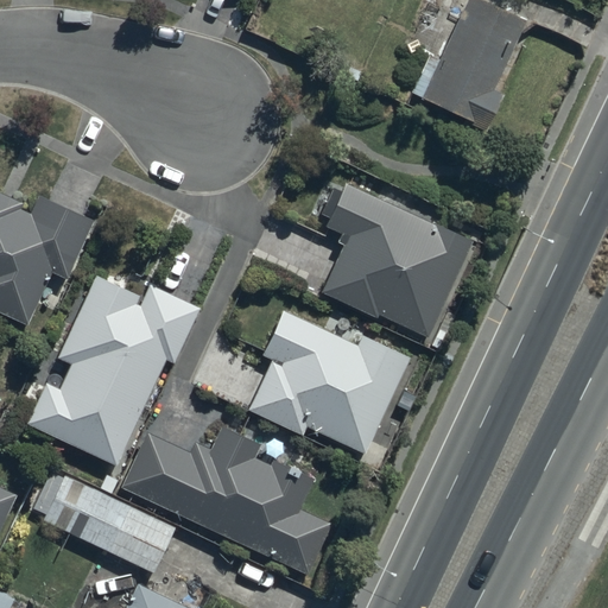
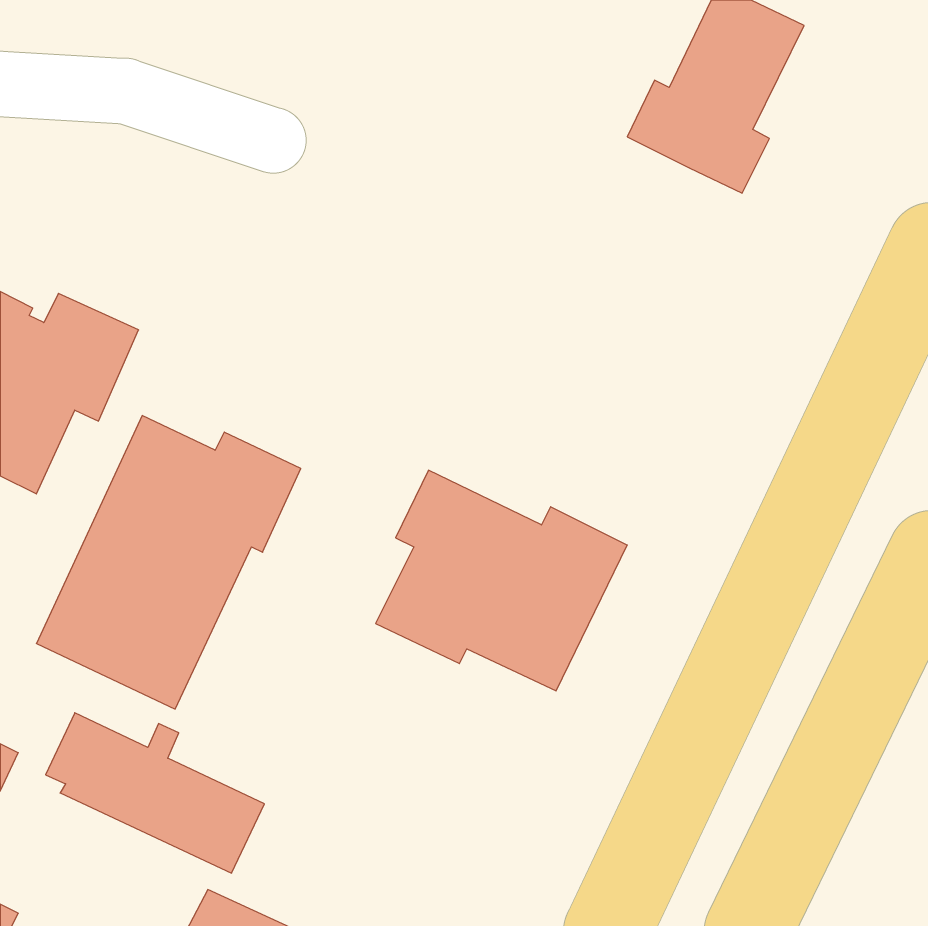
building: [316,183,473,337] -> none
building: [120,425,330,575] -> none

